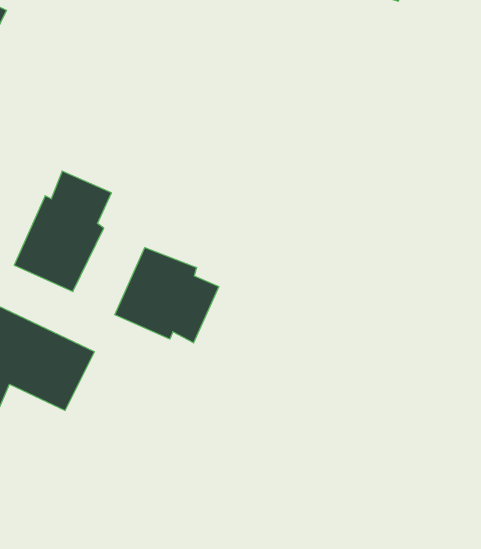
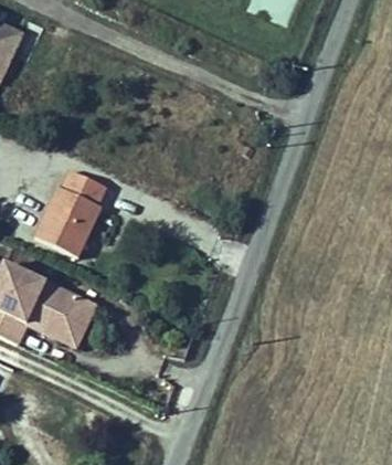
building: [115,248,219,343] -> none

